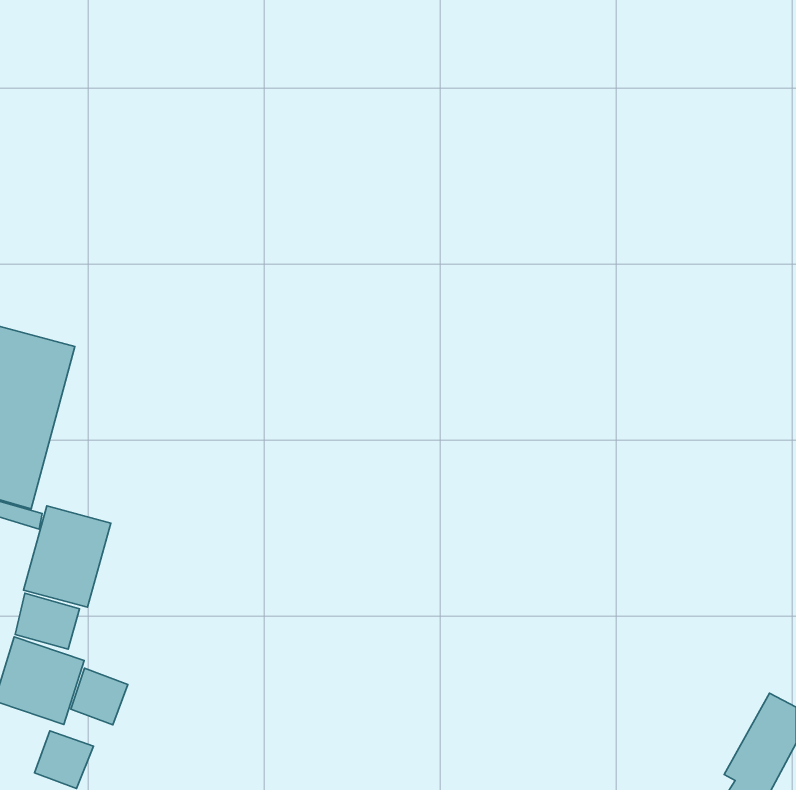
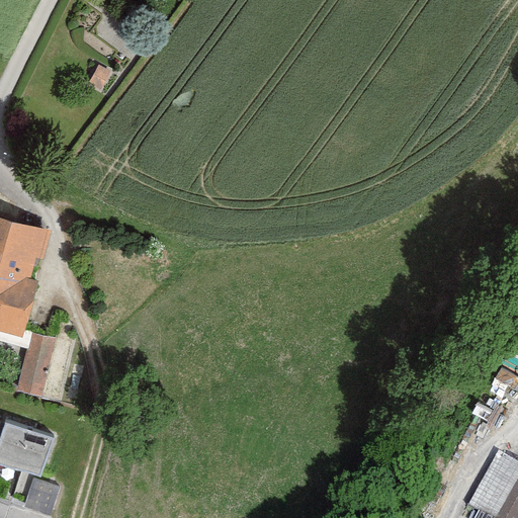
building: [15,593,79,649] -> none
building: [71,668,128,725] -> none

